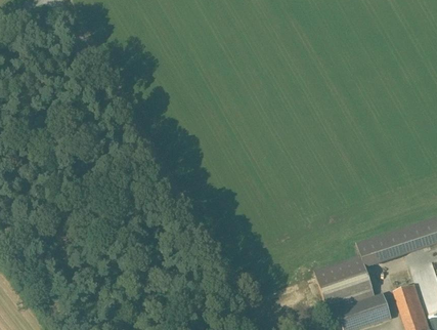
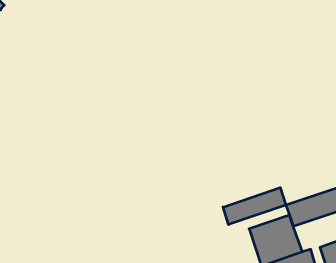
building: none -> [223,188,286,225]

